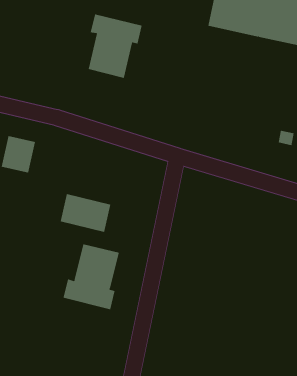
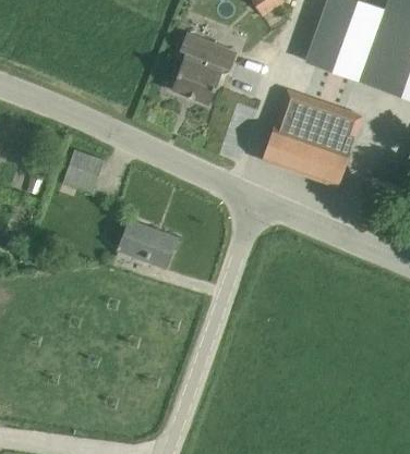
building: none -> [262,91,362,187]
building: [63,243,120,310] -> none

